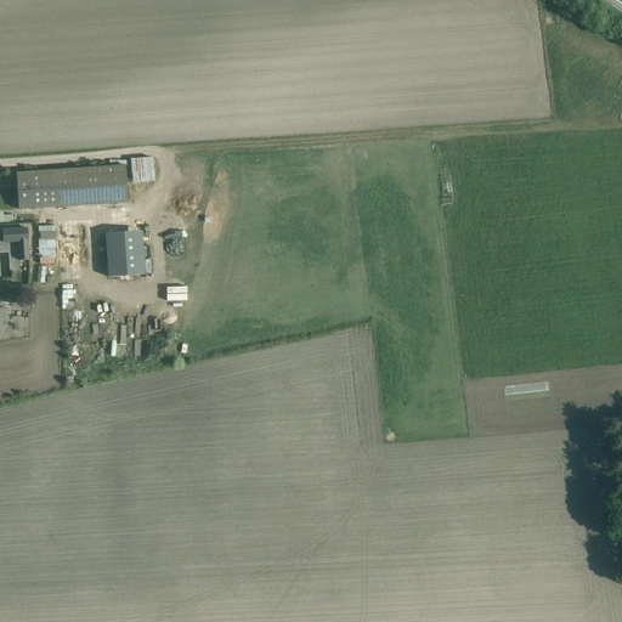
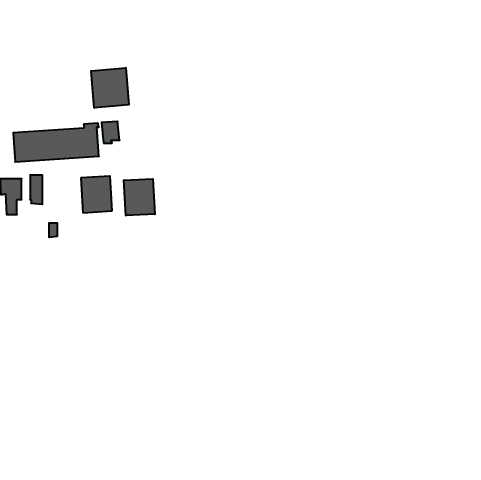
building: none -> [91,68,129,108]
building: none -> [124,179,155,216]

